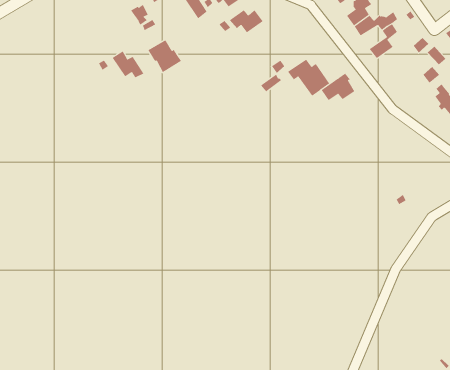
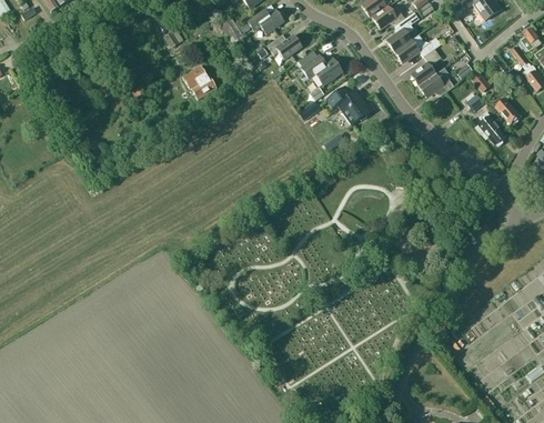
building: none -> [303,54,343,85]
building: [112,51,144,78] -> none
building: [321,73,355,101] -> [419,68,454,97]

